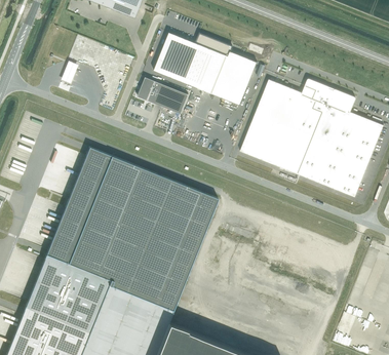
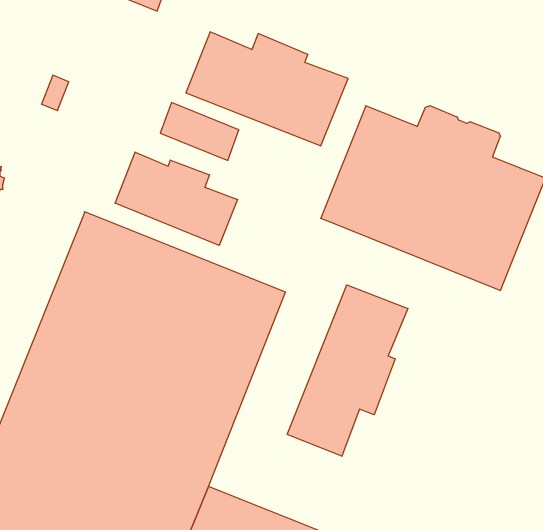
building: none -> [115,152,238,245]
building: none -> [287,285,408,456]

